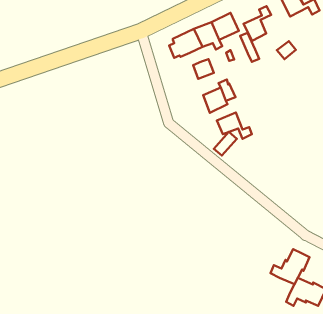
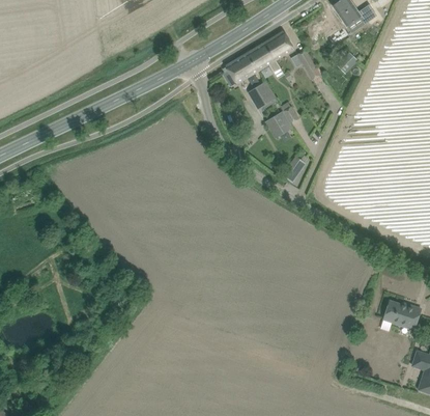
building: [244,6,271,41] -> none
building: [217,112,252,139] -> none
building: [270,249,310,284] -> none

